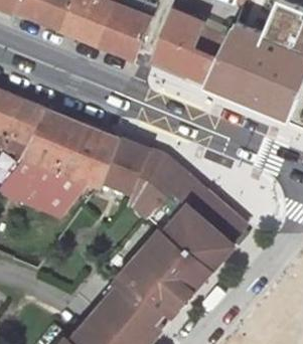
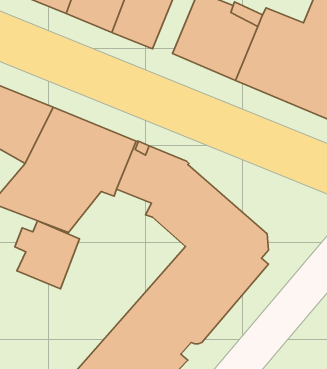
building: none -> [15,221,80,289]

